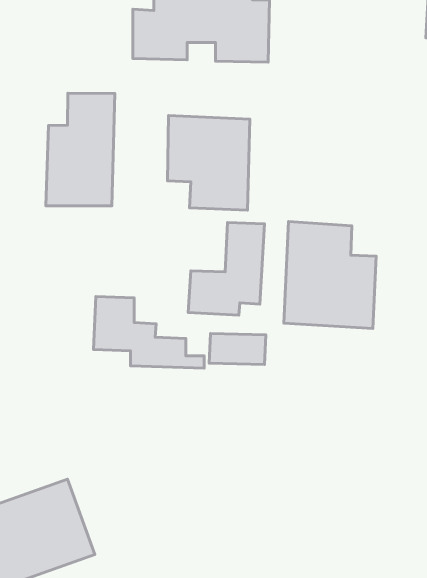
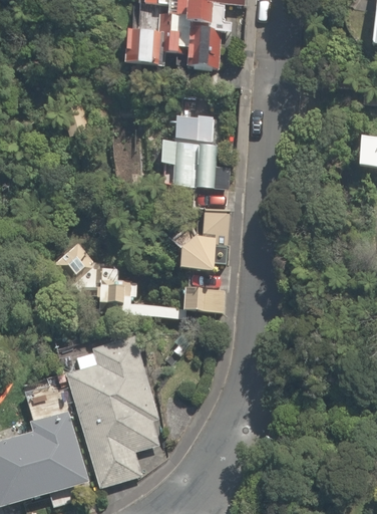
building: [46,93,115,206] -> none
building: [284,222,376,328] -> none
building: none -> [64,330,167,484]

